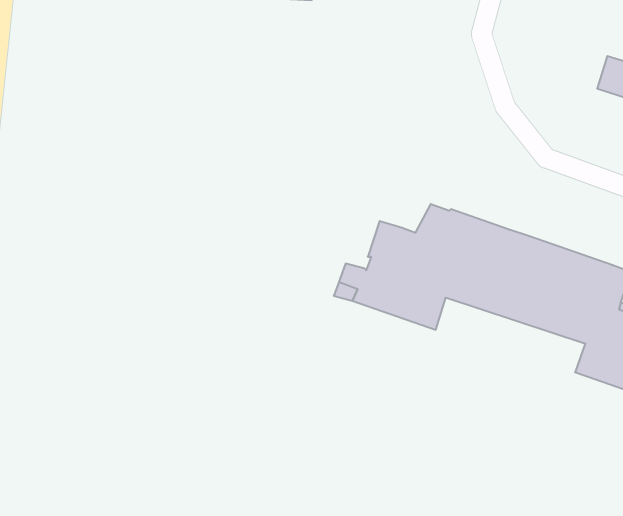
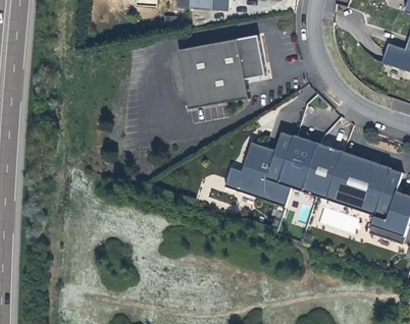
building: none -> [178,35,266,109]

